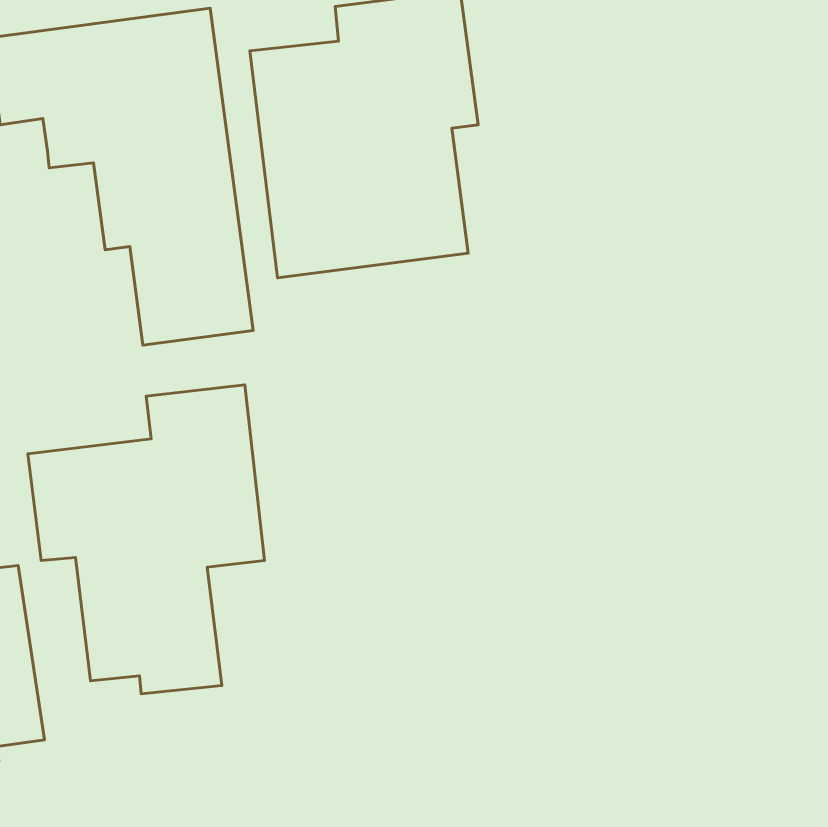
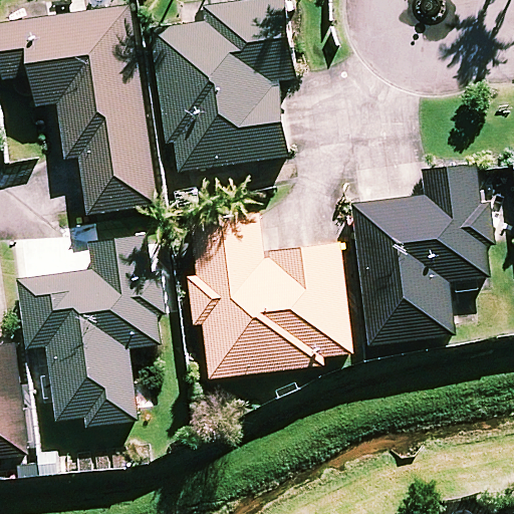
building: none -> [354,164,490,343]
building: none -> [189,215,350,376]

